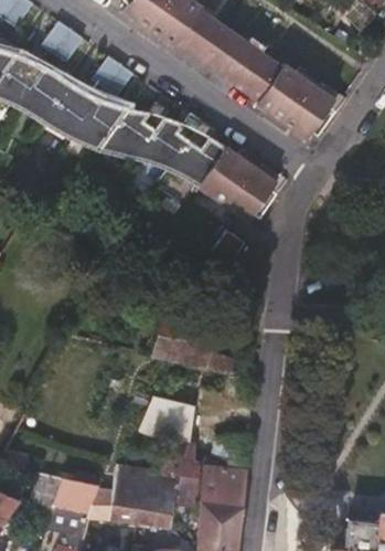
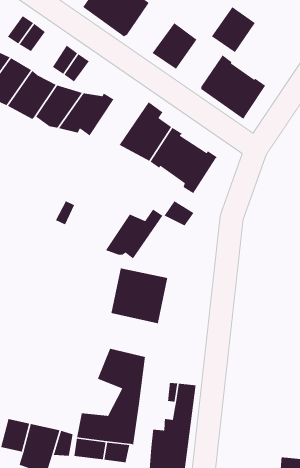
building: [174,8,227,63] -> none
building: [229,47,280,100] -> [211,6,256,53]
building: [132,109,199,167] -> [105,209,164,259]
building: [182,458,227,508] -> none

